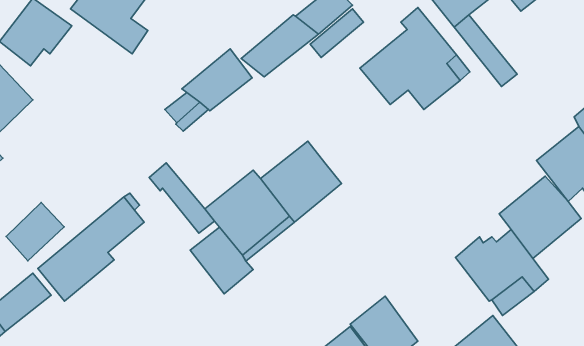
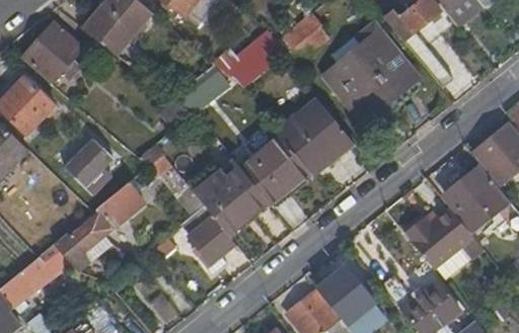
building: none -> [279,100,353,174]
building: [6,202,64,261] -> [60,136,108,184]

